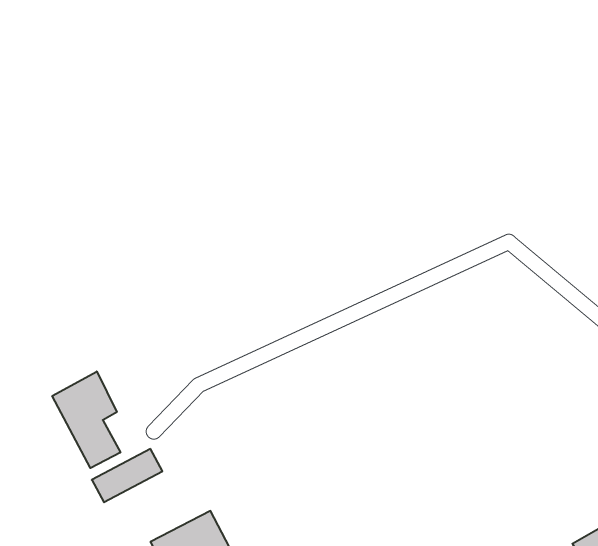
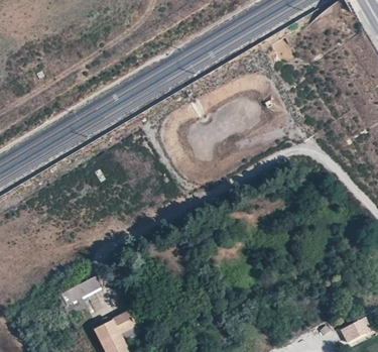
building: [52,371,120,468] -> none

